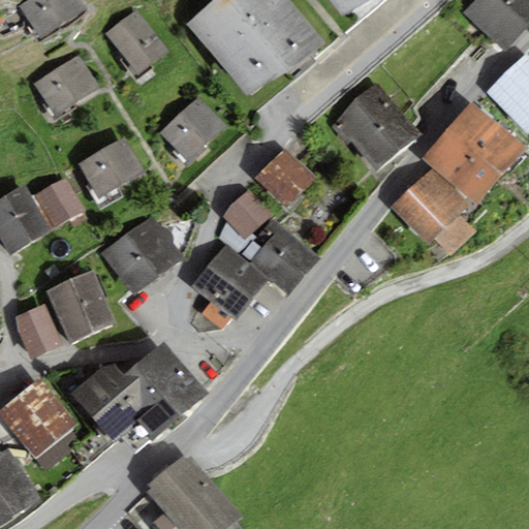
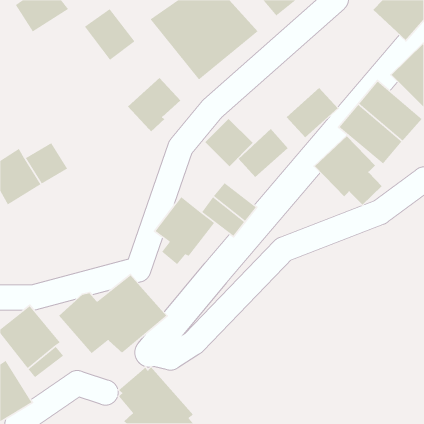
building: [33,55,98,116] -> none
building: [334,84,397,146] -> [238,128,288,178]
building: [76,136,144,198] -> none
building: [220,189,272,241] -> none
building: [99,216,182,294] -> none
building: [46,271,116,344] -> none
building: [12,303,61,357] -> none

